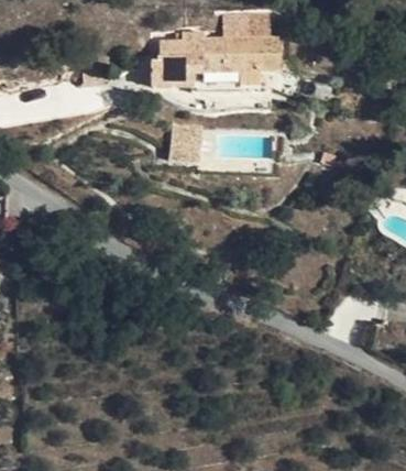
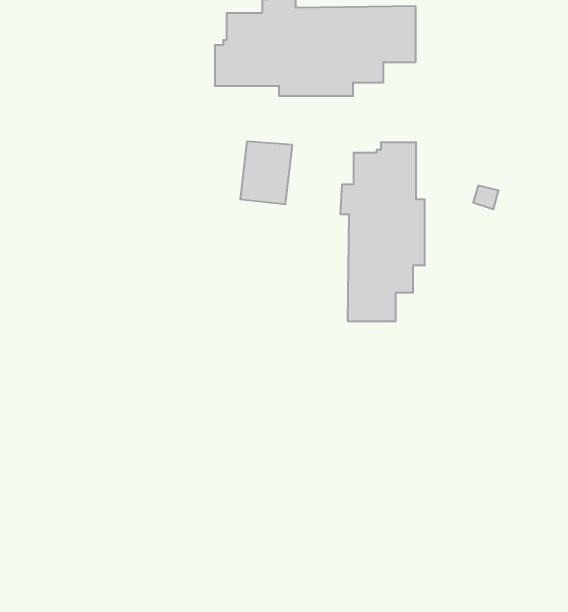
building: none -> [341,142,425,321]

